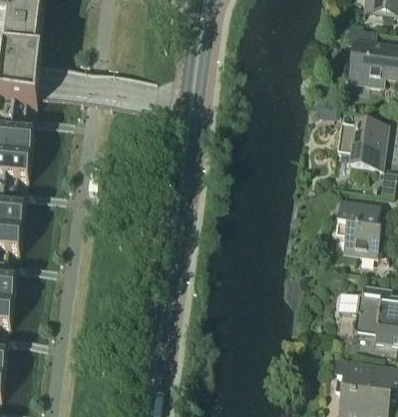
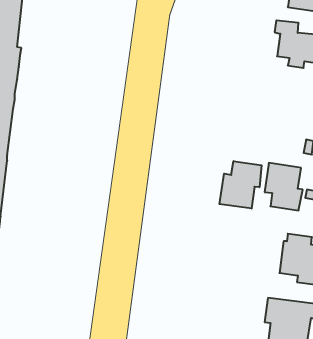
building: [339,121,389,169] -> none
building: none -> [219,161,262,209]

